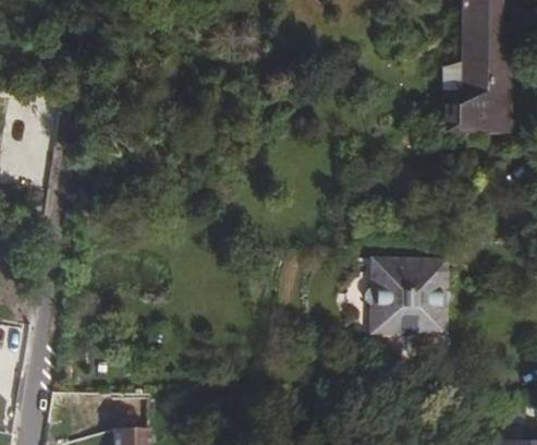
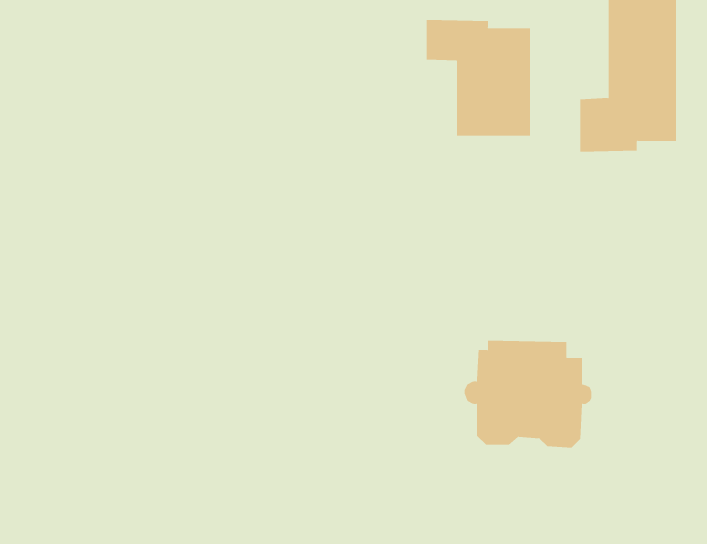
building: none -> [426,19,531,137]

